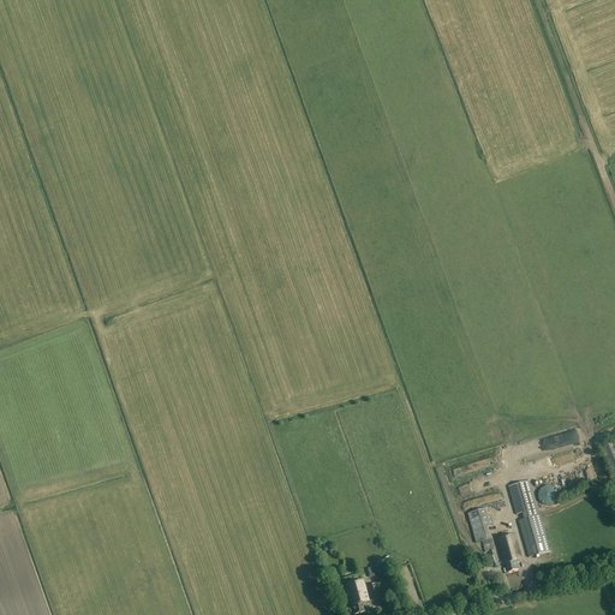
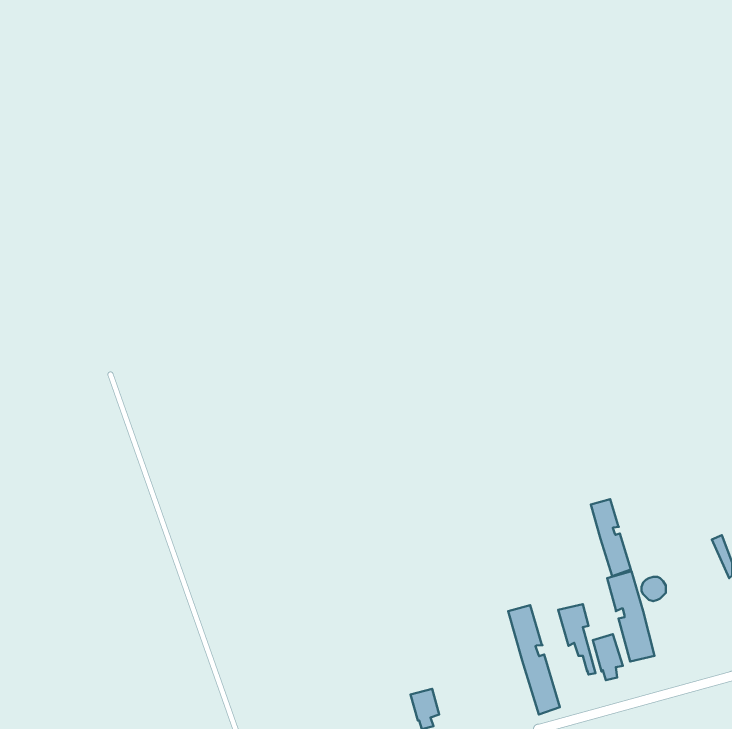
building: none -> [591,499,631,576]
building: none -> [508,605,560,715]

